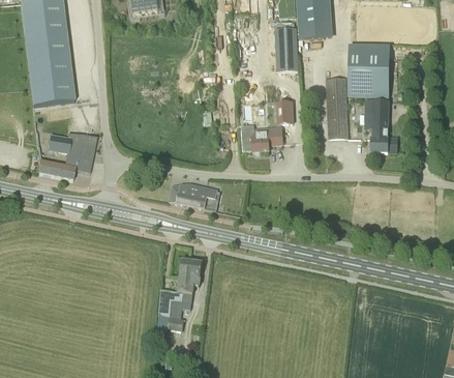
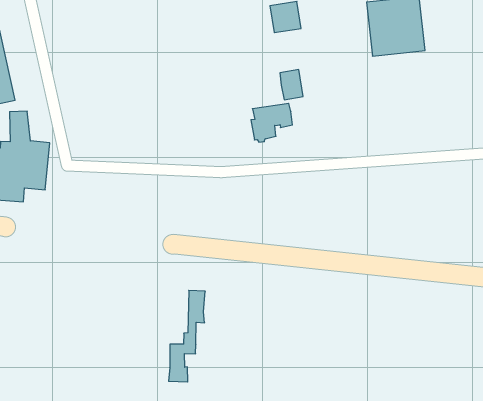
building: [326,77,347,137] -> none
building: [370,99,397,151] -> none
building: [170,182,216,207] -> none
building: [158,258,190,316] -> none

